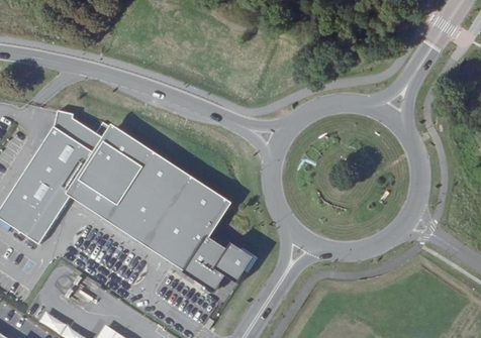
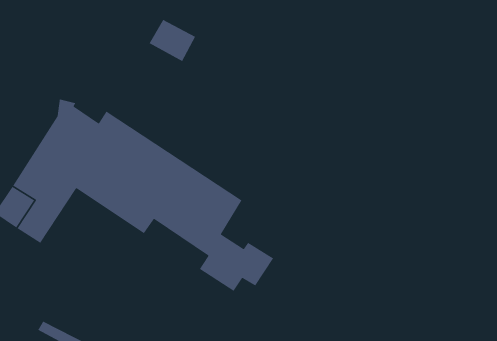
building: none -> [149,19,196,62]
building: [135,221,194,266] -> none

